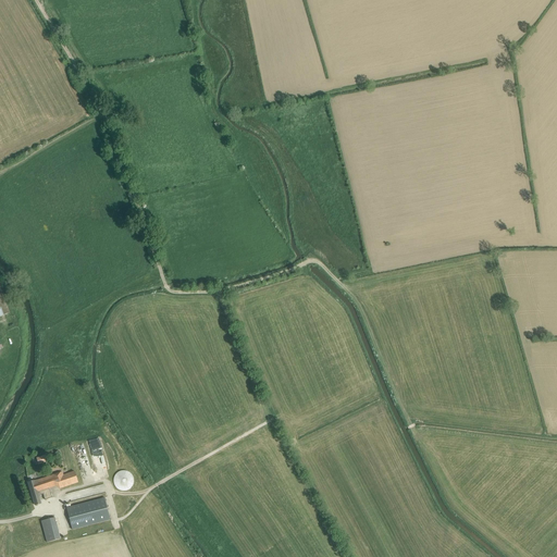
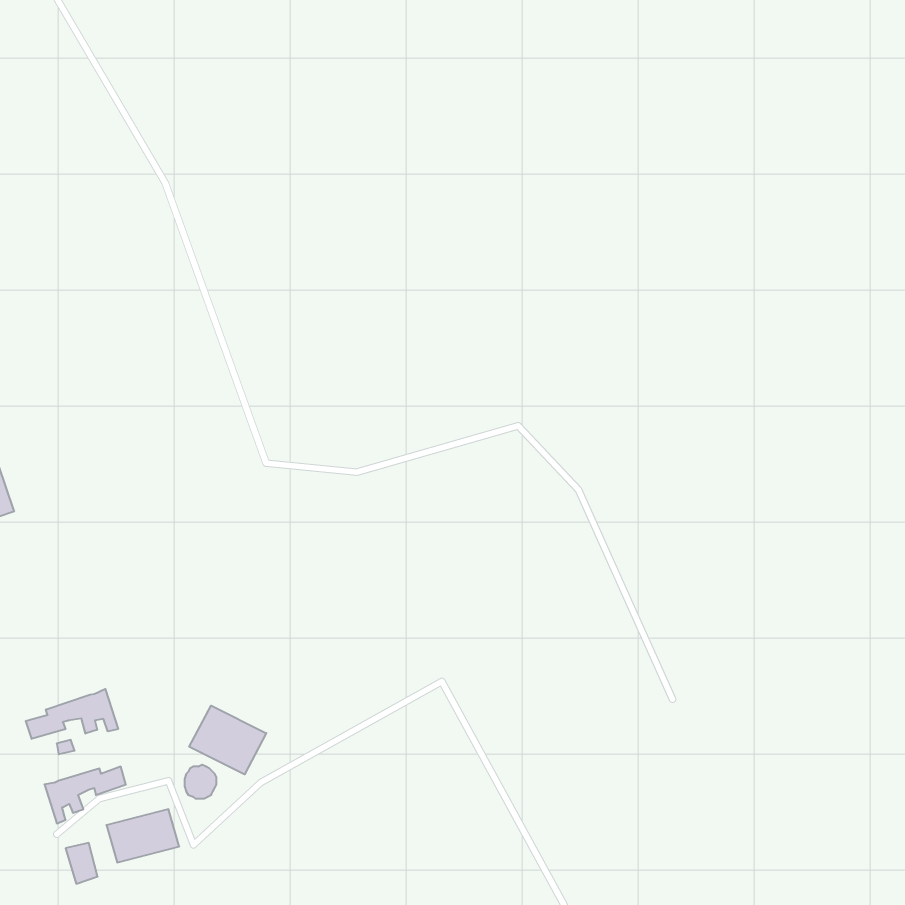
building: none -> [26,689,118,739]
building: none -> [189,706,266,774]

